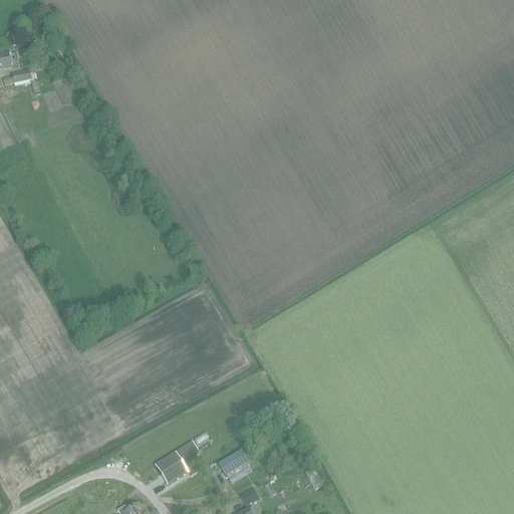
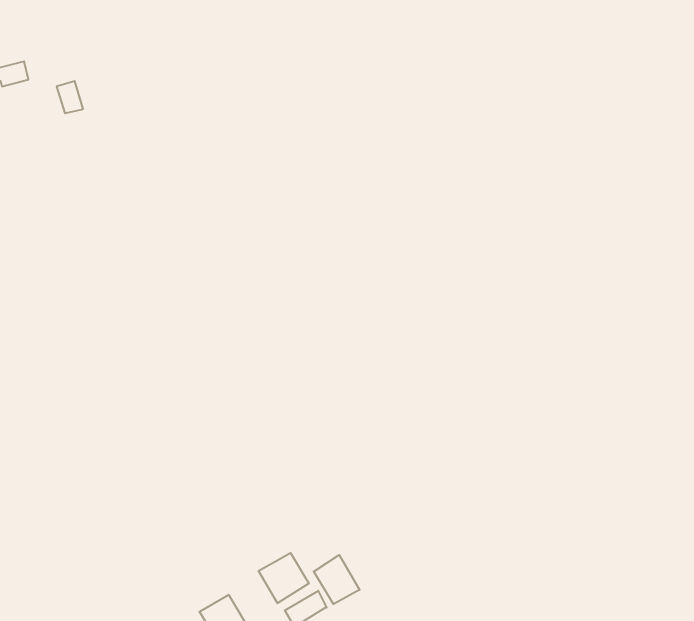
building: none -> [259,553,309,603]
building: none -> [314,555,360,604]

